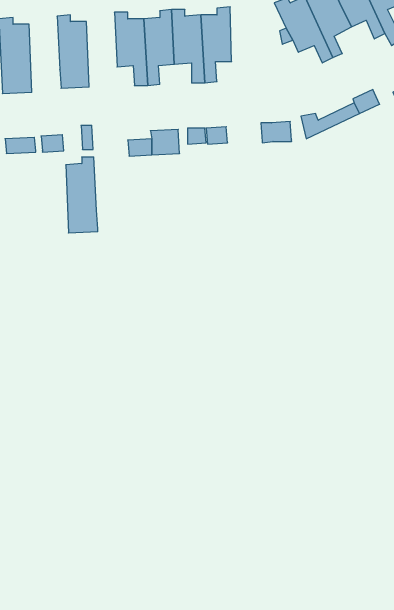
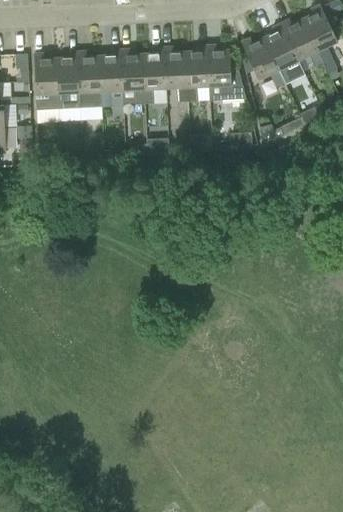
building: none -> [208,46,247,102]
building: none -> [100,50,123,106]
building: [66,157,98,233] -> [57,53,81,110]

